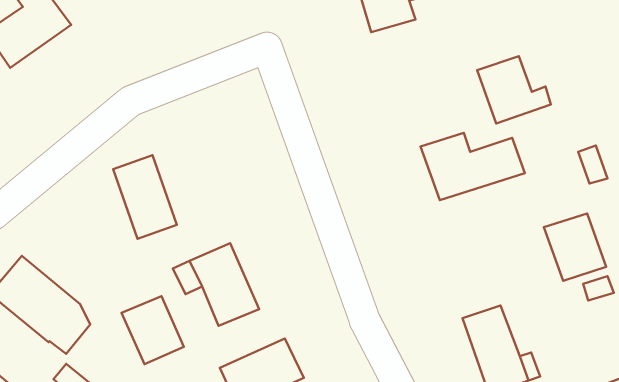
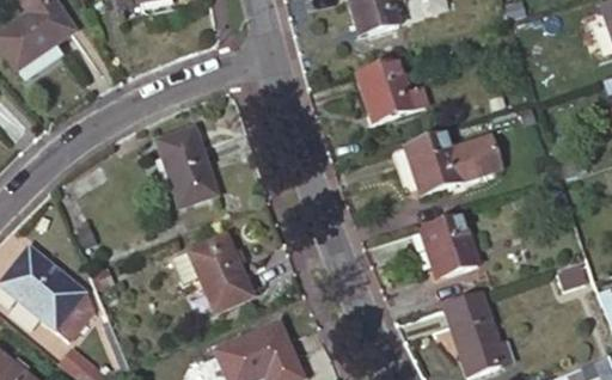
building: [477,56,551,123] -> [356,57,426,121]
building: [113,155,177,239] -> [157,125,216,204]
building: [544,213,606,281] -> [420,213,478,276]
building: [121,296,184,364] -> none

